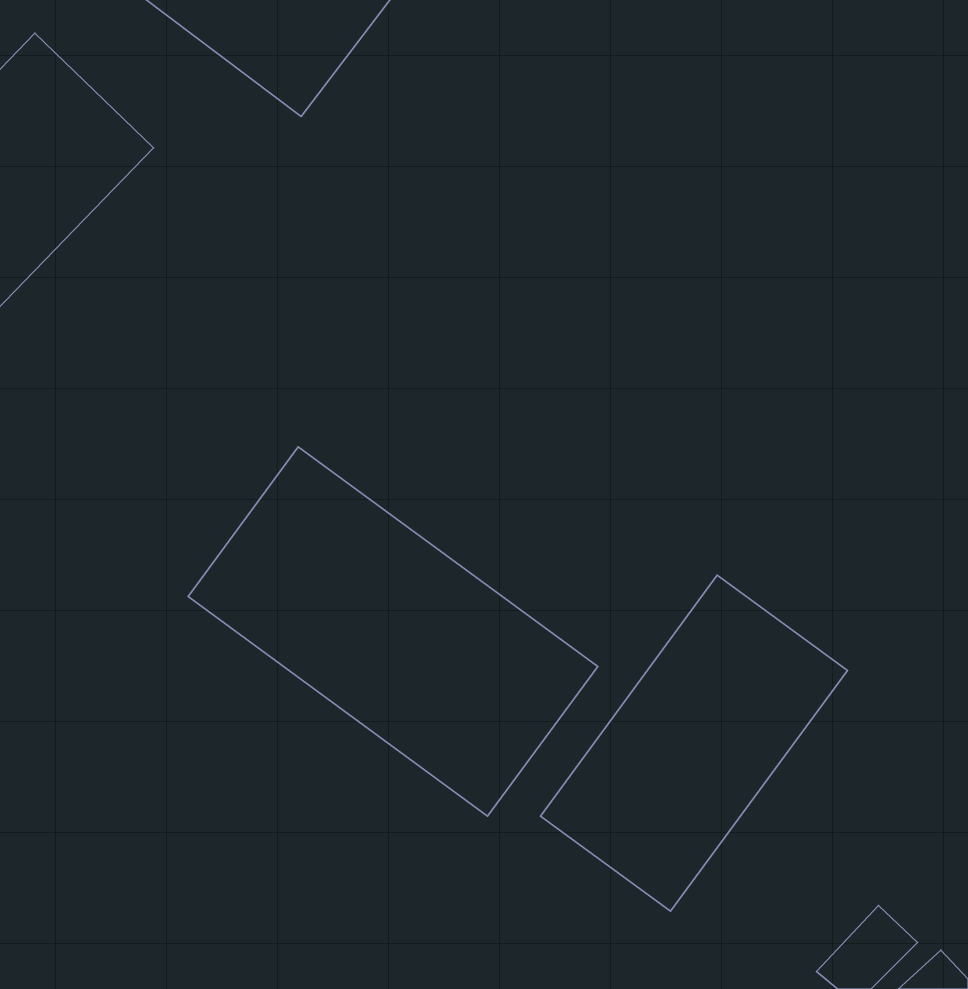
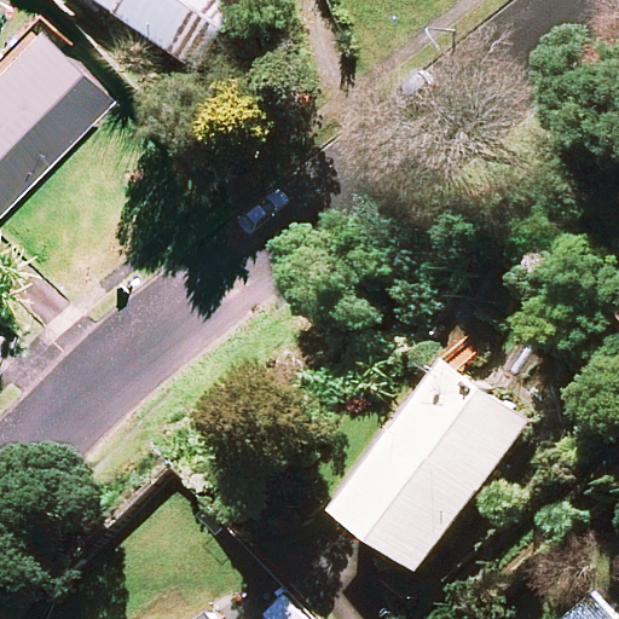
building: [188,447,598,816] -> none

